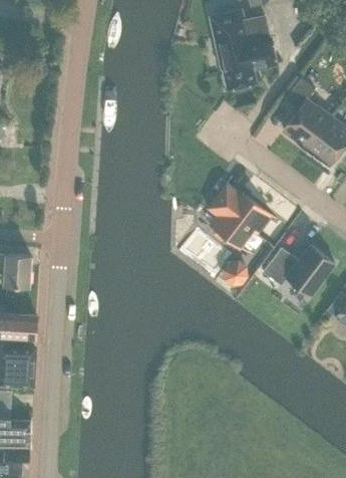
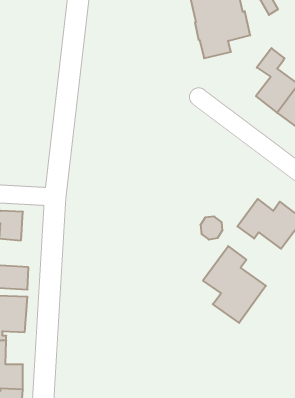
building: [207,183,270,247] -> none
building: none -> [203,246,266,323]

